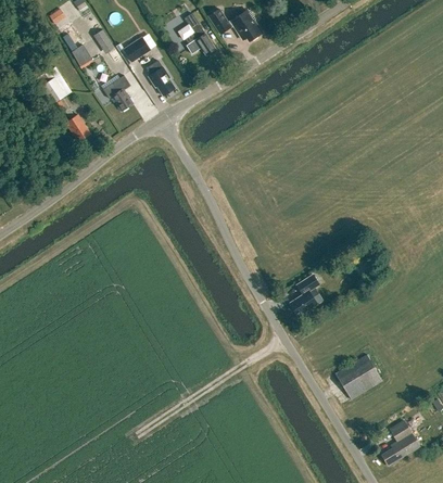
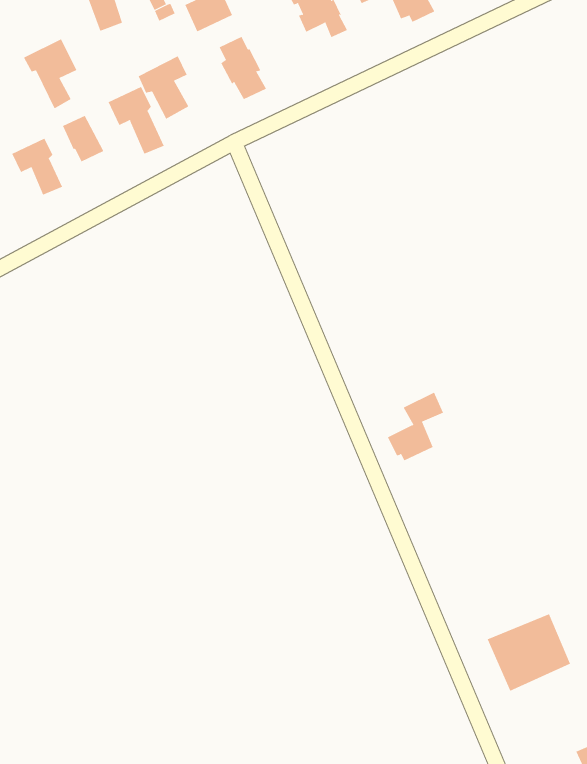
building: none -> [108,86,164,154]
building: none -> [11,138,63,196]
building: [290,274,319,314] -> [387,392,444,461]

